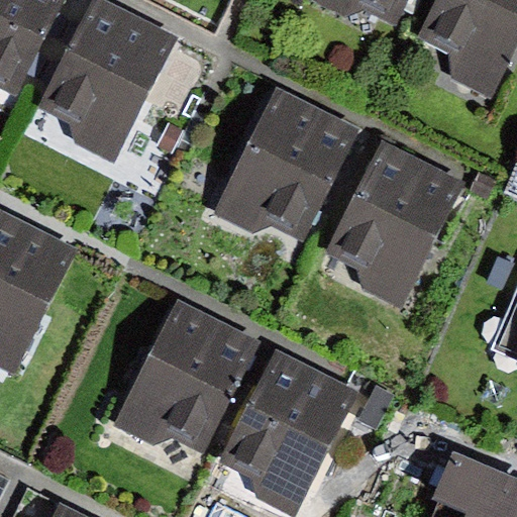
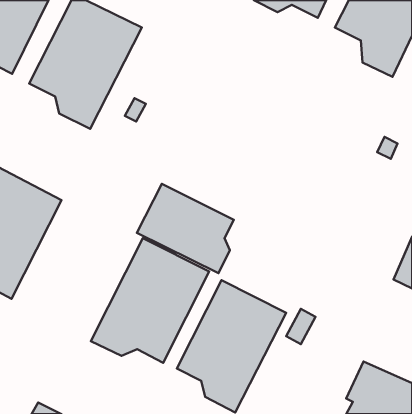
building: [213,87,358,239] -> none
building: [325,138,464,307] -> none
building: none -> [137,184,234,273]

